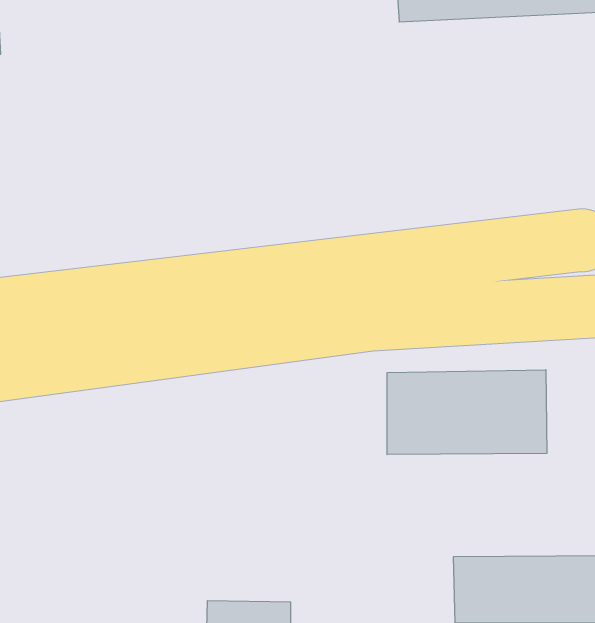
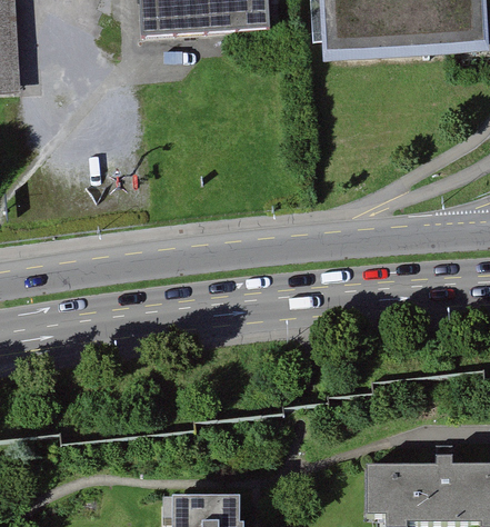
building: [387,370,547,455] -> none

